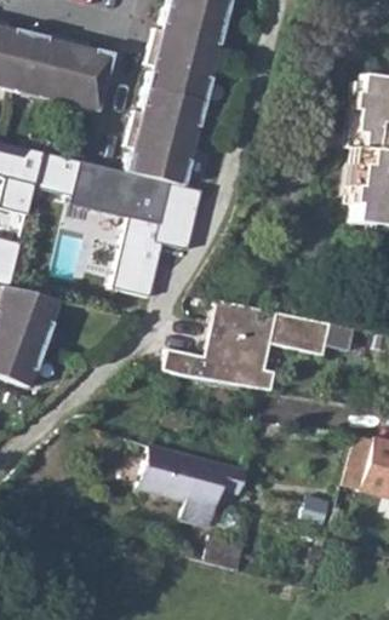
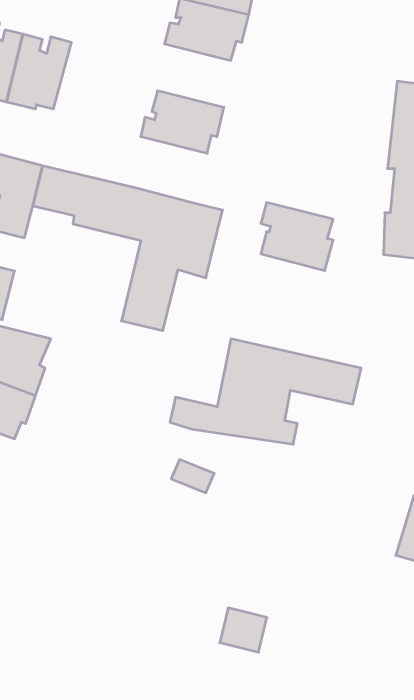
building: [61,40,116,113] -> none
building: [151,41,217,97] -> none
building: [132,122,195,182] -> [261,203,333,271]
building: [142,448,244,524] -> none

